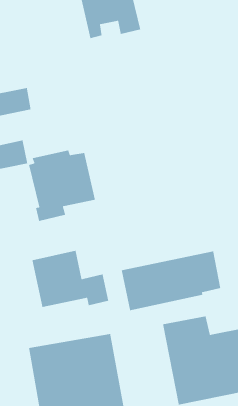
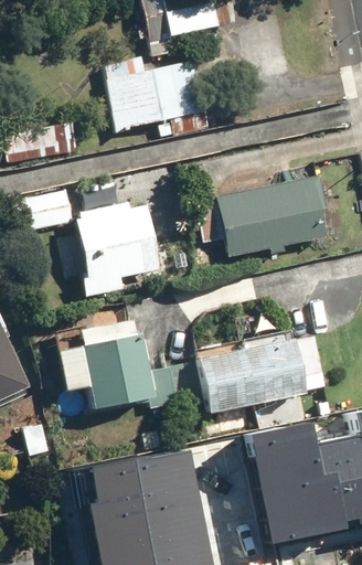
building: none -> [103,56,209,129]
building: none -> [195,173,328,262]

